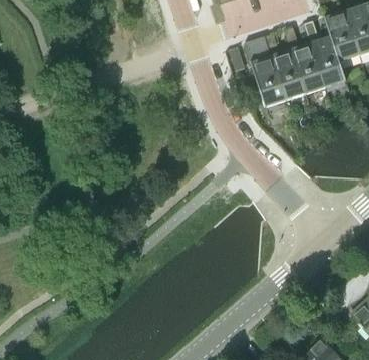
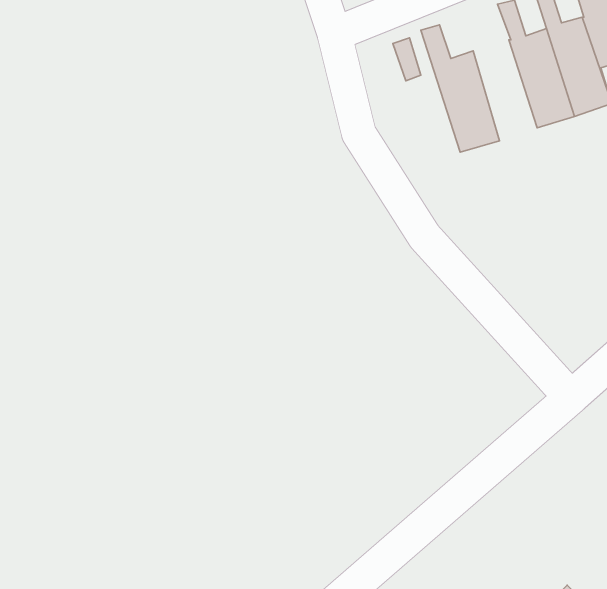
building: [266,32,306,101] -> none

